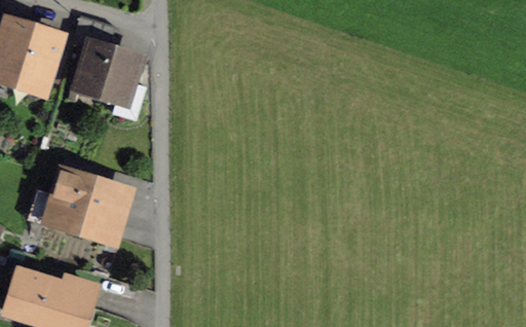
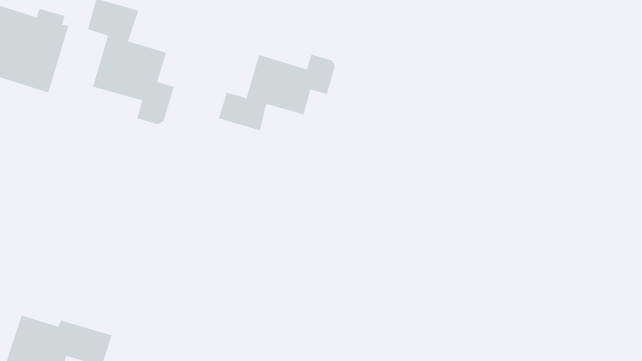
building: none -> [218,54,336,131]
building: [52,175,124,237] -> none

